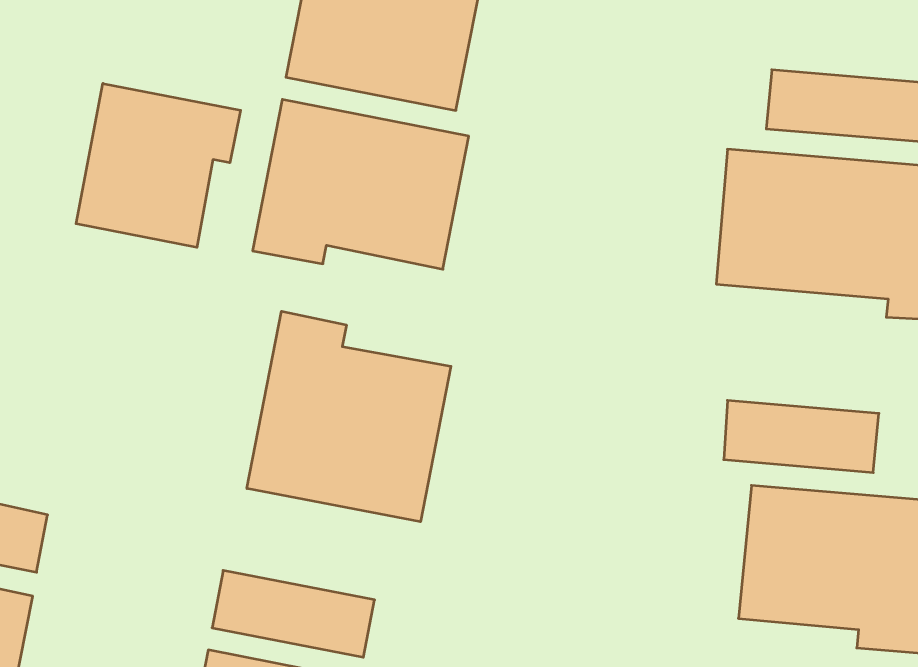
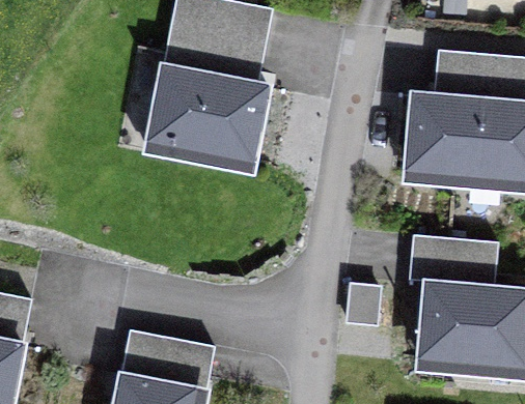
building: [76,83,241,247] -> none
building: [247,311,451,522] -> none

